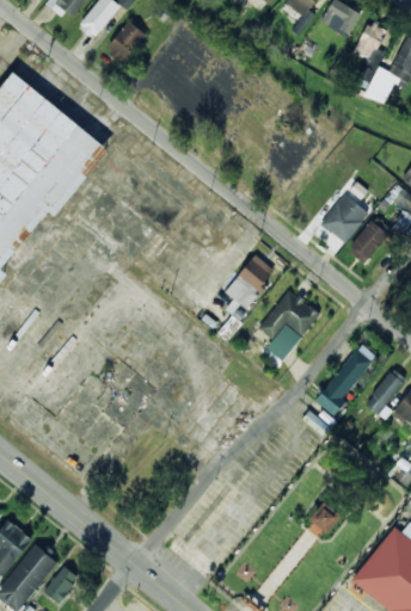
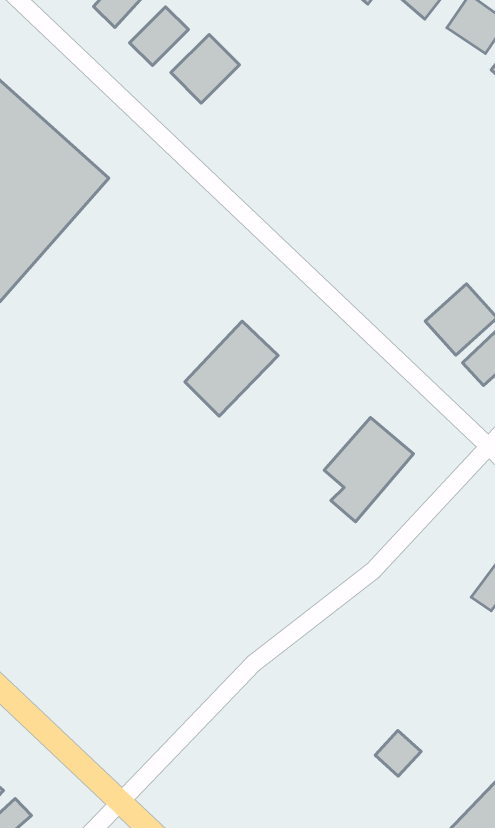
building: none -> [171,35,240,103]
building: [215,253,277,319] -> [185,321,278,416]
building: [317,350,372,415] -> none

